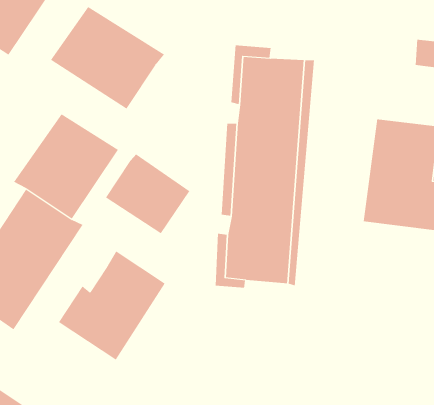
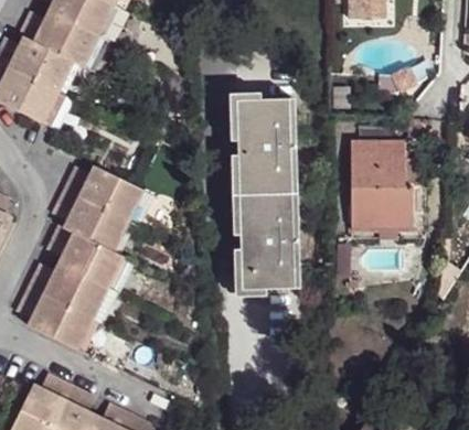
building: [50,6,165,110] -> none
building: [105,154,190,234] -> none
building: [58,250,165,360] -> none

